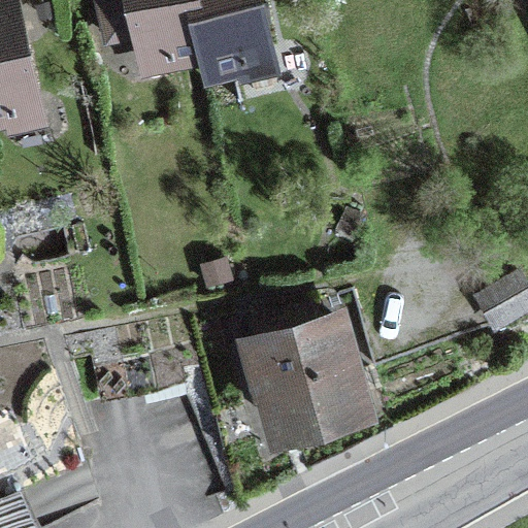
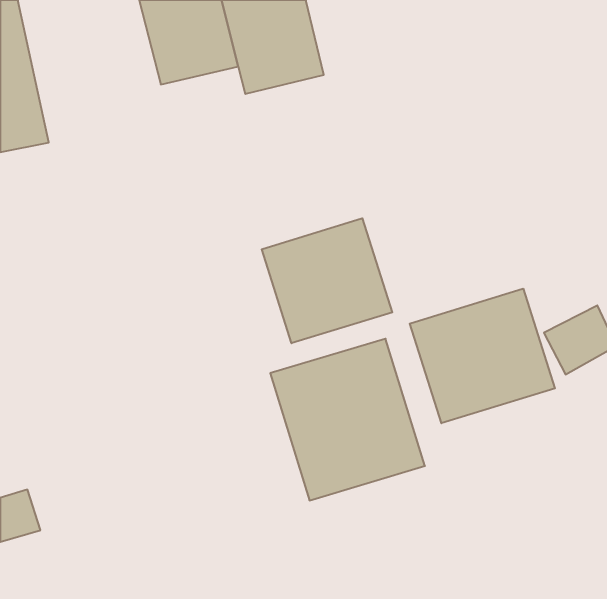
building: none -> [262,218,392,343]
building: none -> [410,289,555,423]

